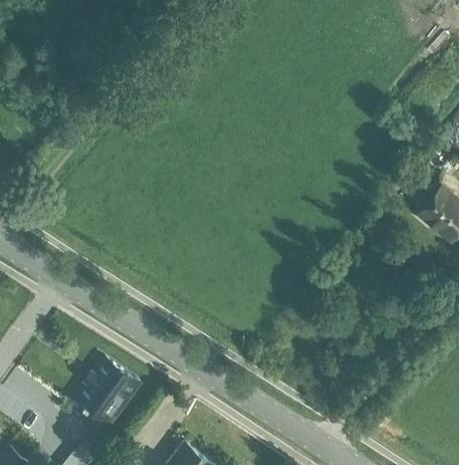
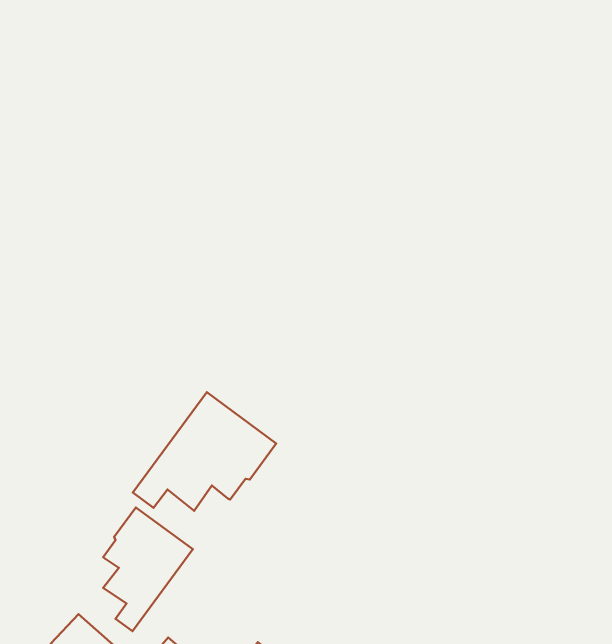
building: none -> [133,392,276,511]

